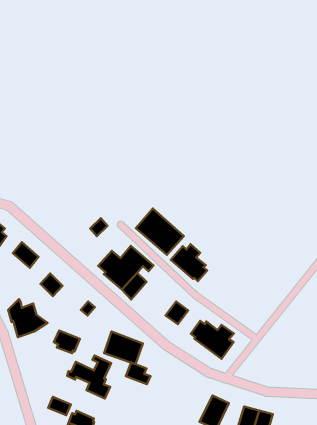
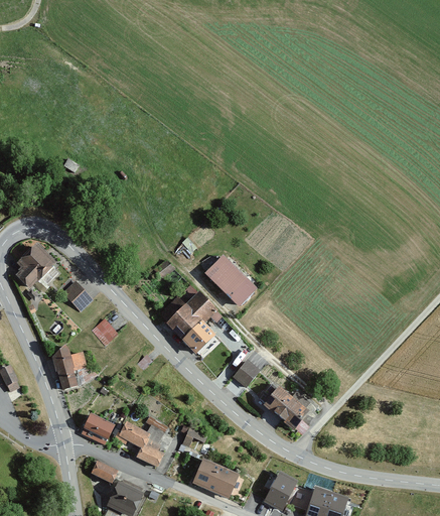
building: [171,244,207,281] -> none
building: [54,331,80,353] -> [84,414,114,441]
building: [104,332,143,364] -> [192,459,238,498]

